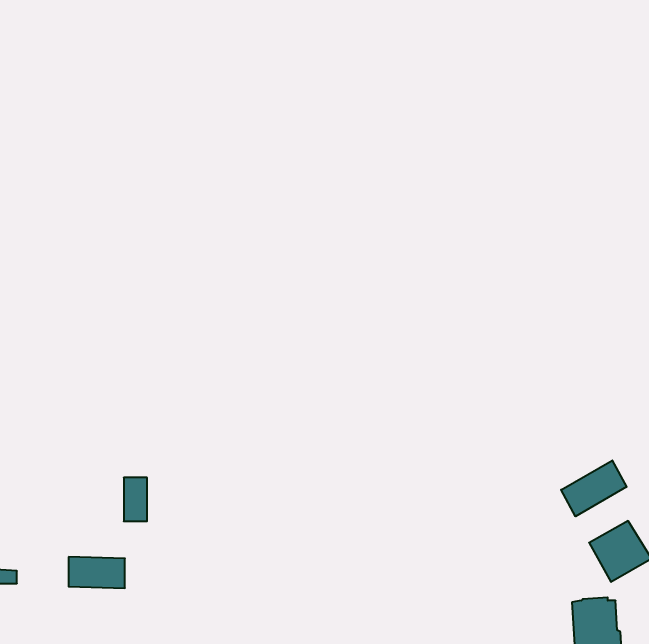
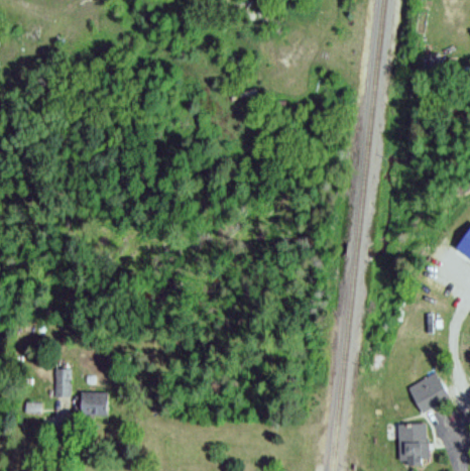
building: [561,460,627,516] -> none
building: [124,478,147,521] -> [55,369,71,397]

